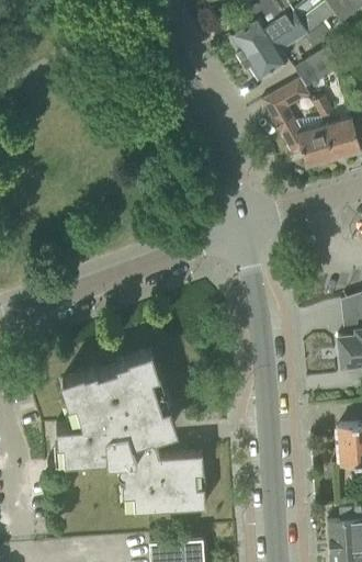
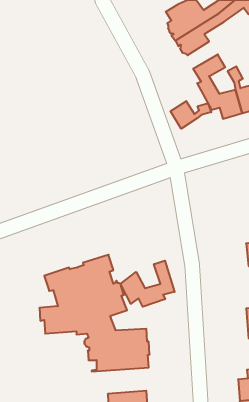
building: [294,45,337,88] -> none
building: none -> [171,101,211,129]
building: none -> [121,261,175,307]

